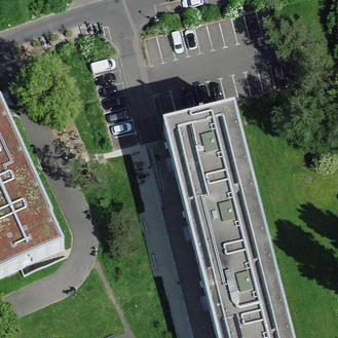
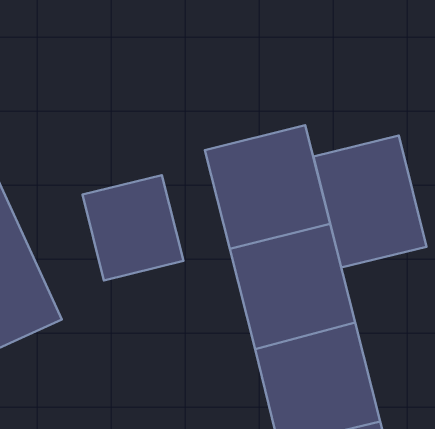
building: none -> [314,136,426,268]
building: none -> [82,175,183,280]

